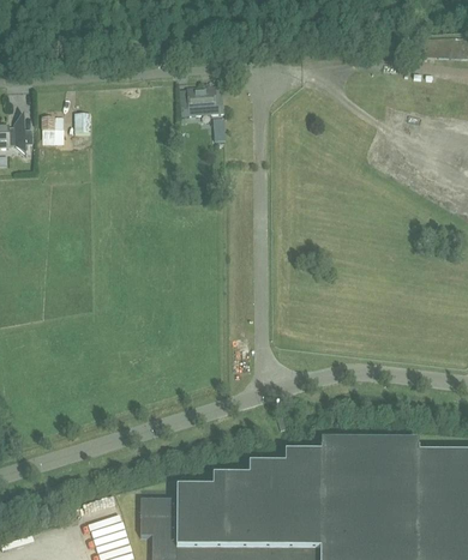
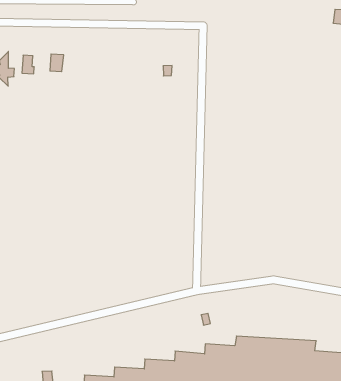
building: [187,84,216,107] -> none

